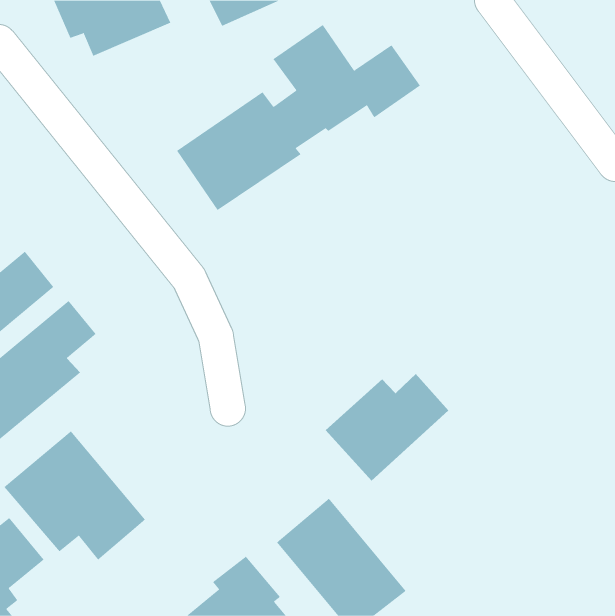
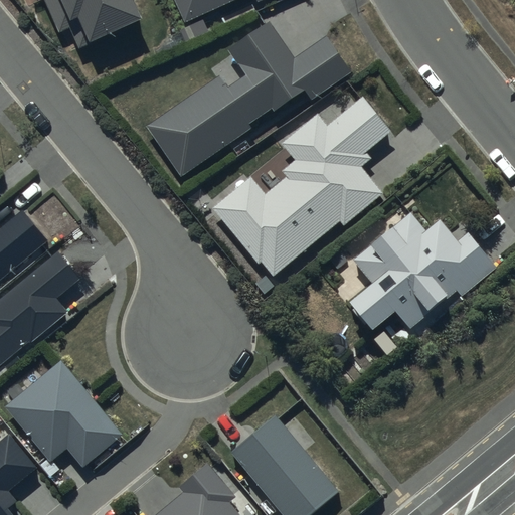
building: none -> [211,96,392,277]
building: none -> [350,213,497,331]
building: [325,373,449,481] -> none

